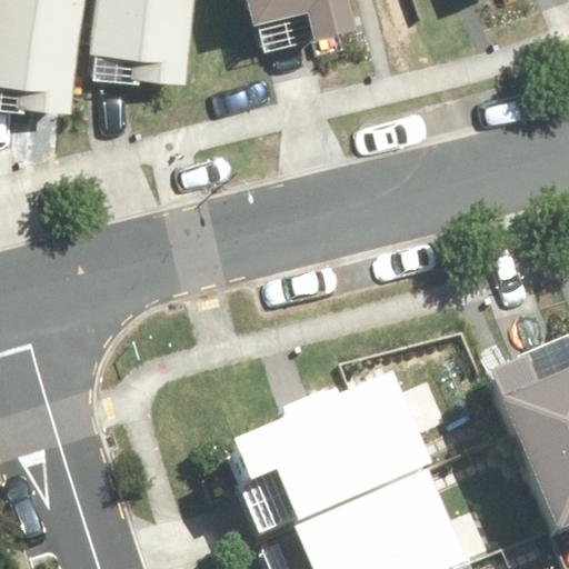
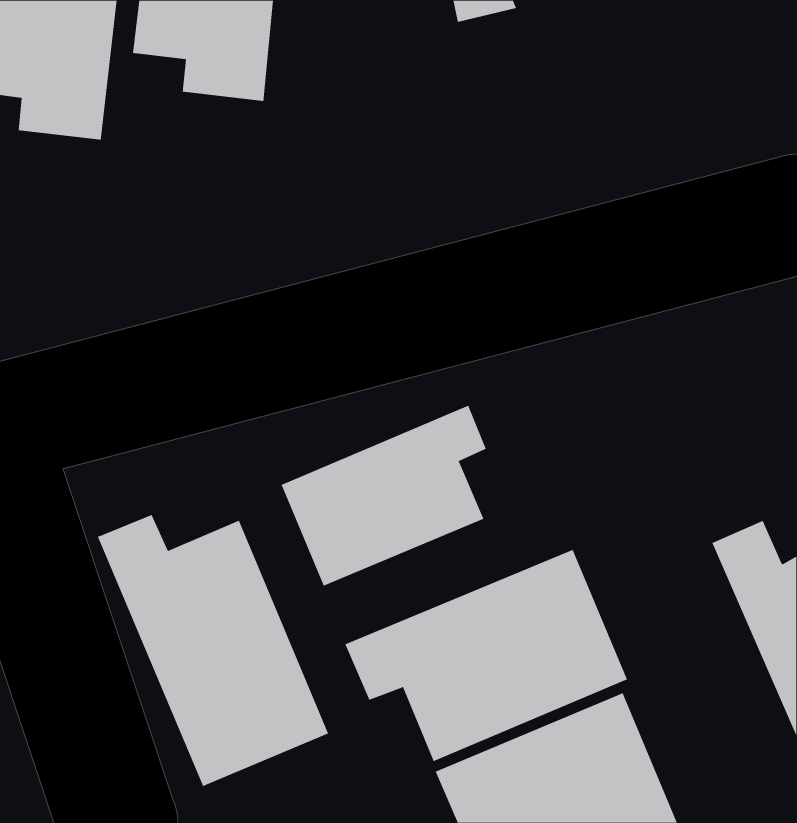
building: none -> [281,405,487,586]
building: none -> [97,514,329,787]

